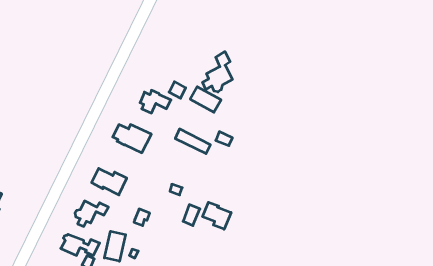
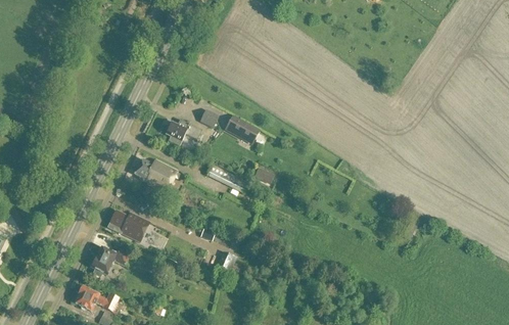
building: [203,52,232,92] -> none
building: [203,202,231,229] -> none
building: [104,231,126,261] -> none

